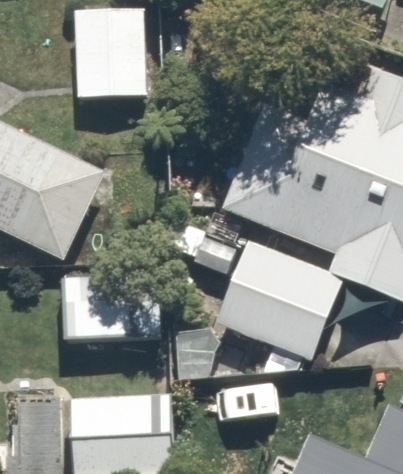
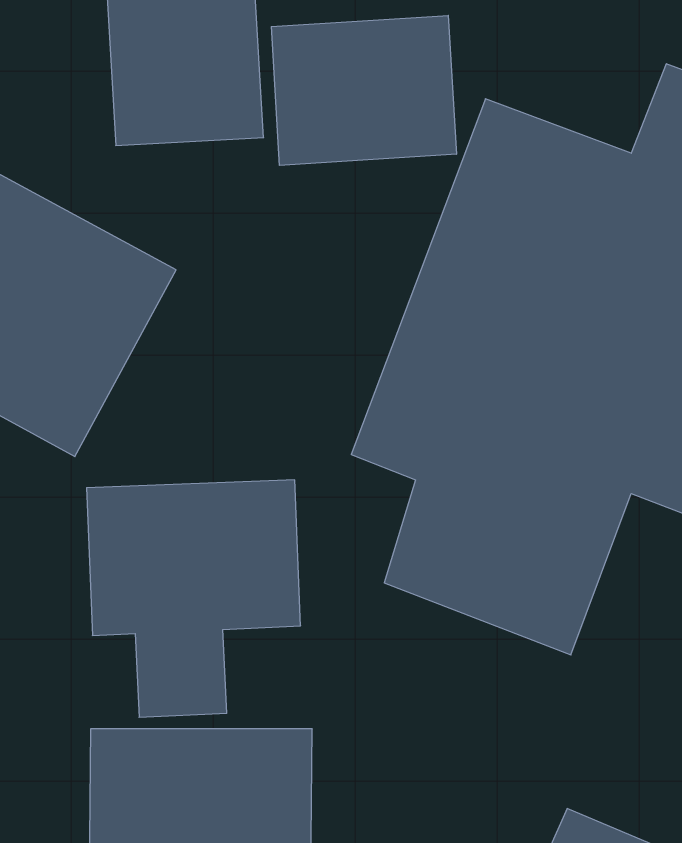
building: none -> [271,15,456,165]

